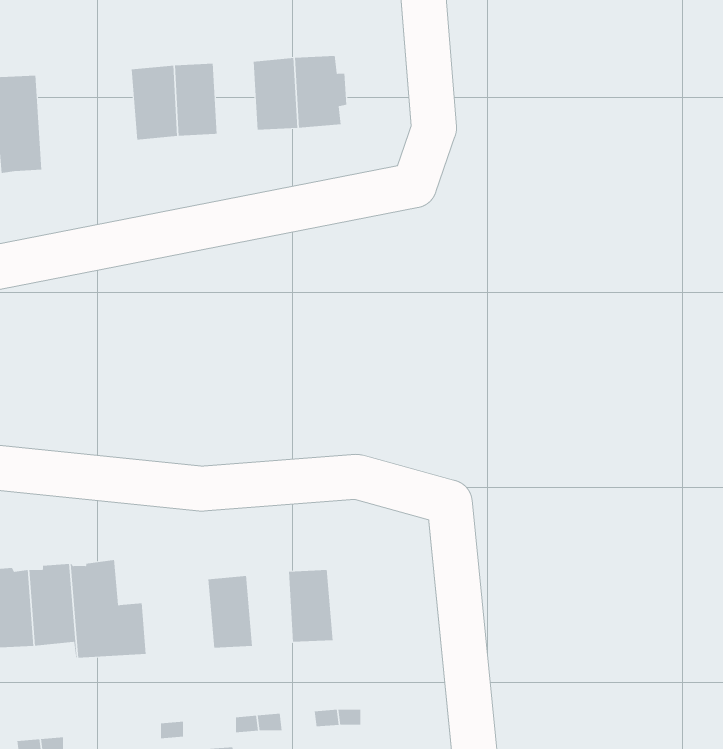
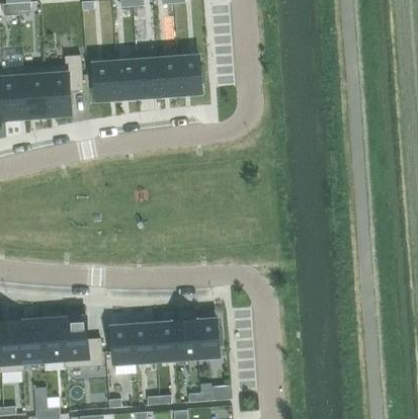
building: none -> [44,57,81,116]
building: none -> [135,61,157,98]
building: none -> [193,321,221,358]
building: none -> [152,323,175,361]
building: none -> [110,327,135,364]

